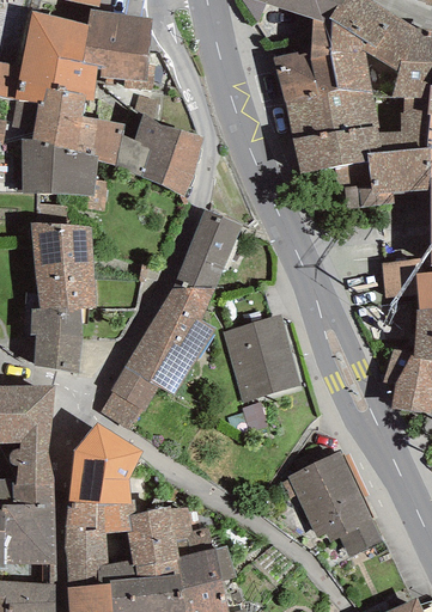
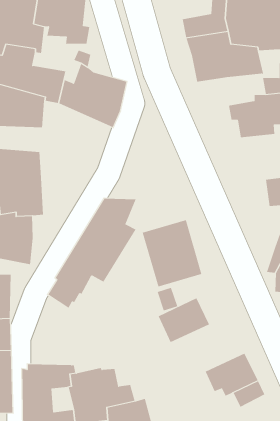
building: [293,127,382,172] -> none
building: [174,208,242,288] -> none
building: [68,422,144,502] -> none
building: [288,452,355,510] -> [158,298,210,343]

